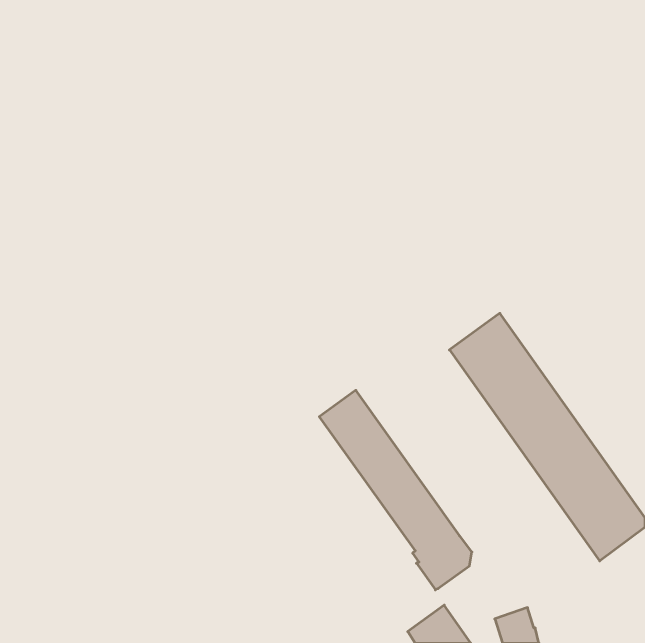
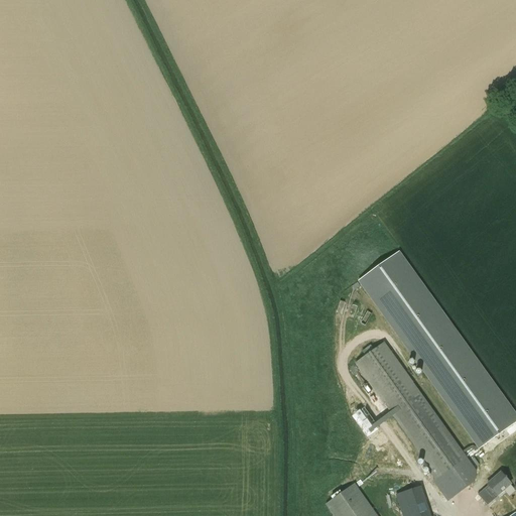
building: [319,390,472,590] -> [355,341,477,500]
building: none -> [478,472,511,504]

